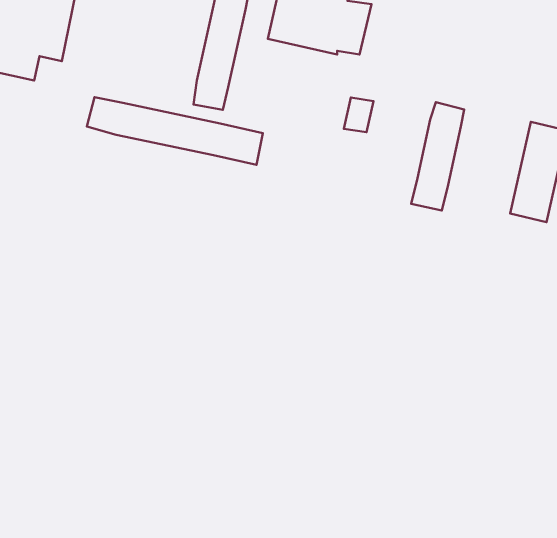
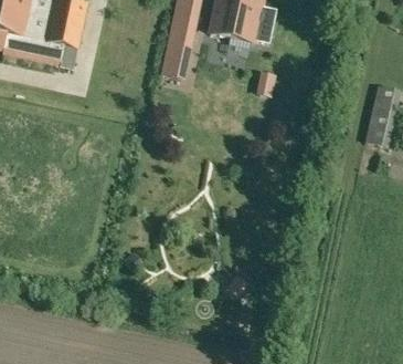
building: [87,97,263,165] -> none
building: [411,102,464,211] -> none

